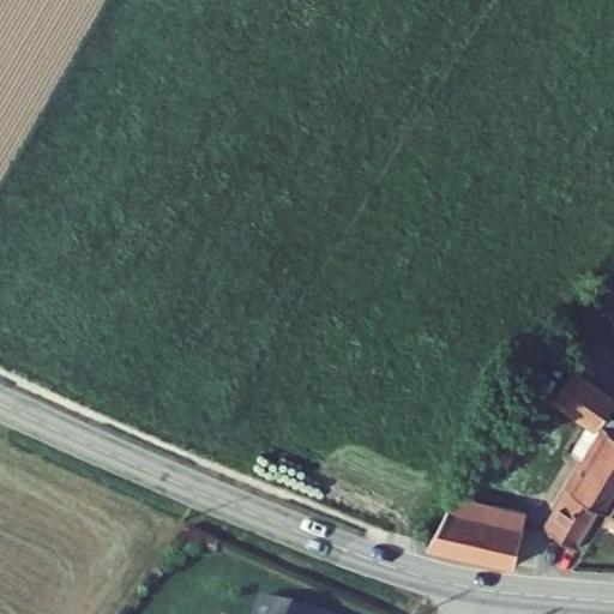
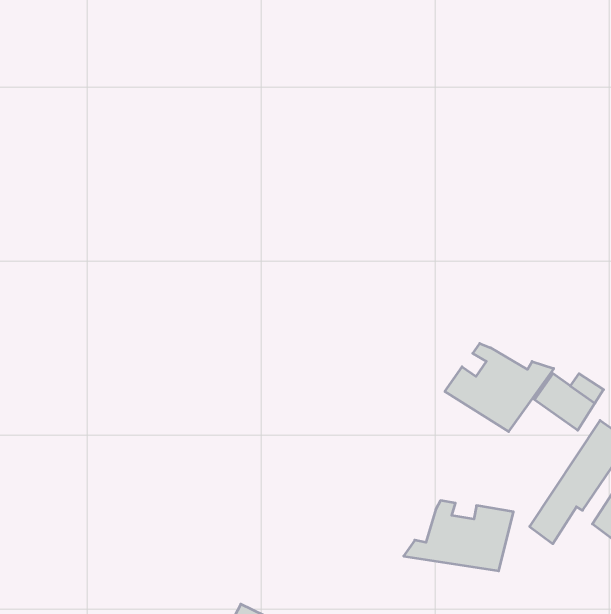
building: none -> [445,343,554,432]

